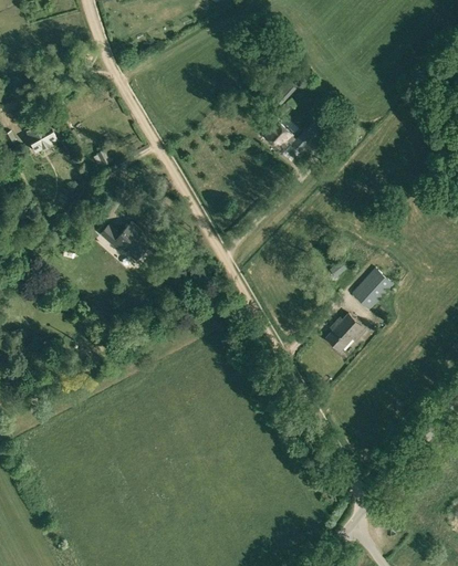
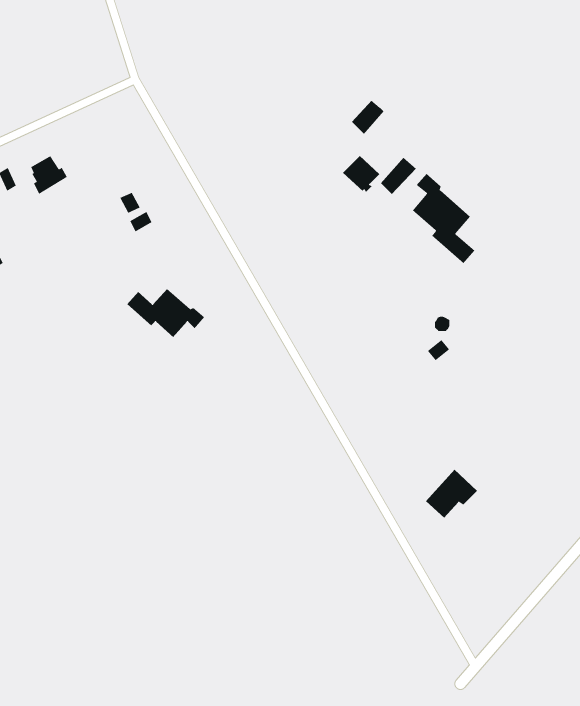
building: none -> [412,173,475,264]
building: [350,266,393,310] -> none
building: [324,313,364,350] -> [425,469,478,519]

